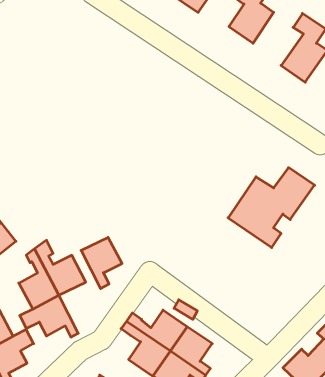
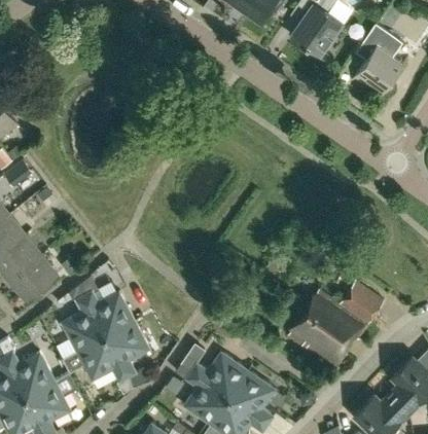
building: [228,168,315,248] -> [288,281,384,369]
building: [81,237,122,289] -> [105,321,150,377]

